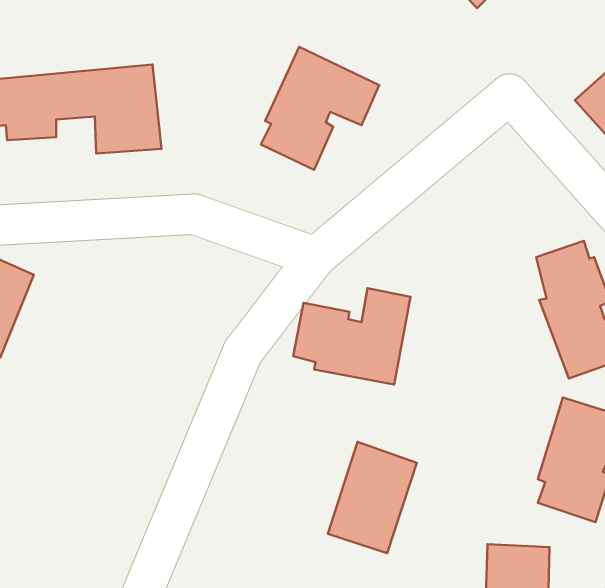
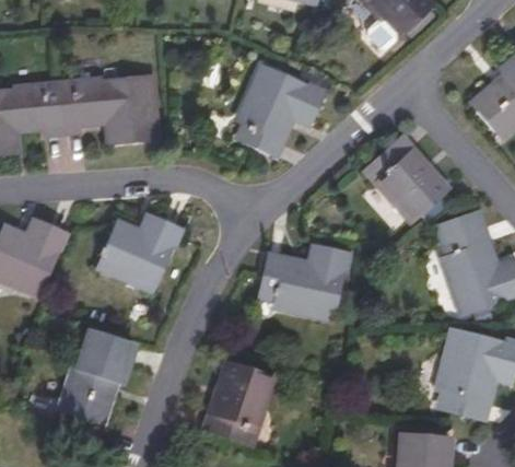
building: none -> [362,137,444,220]
building: none -> [100,215,179,289]
building: none -> [66,335,133,425]
building: [328,442,417,553] -> [204,362,270,444]

